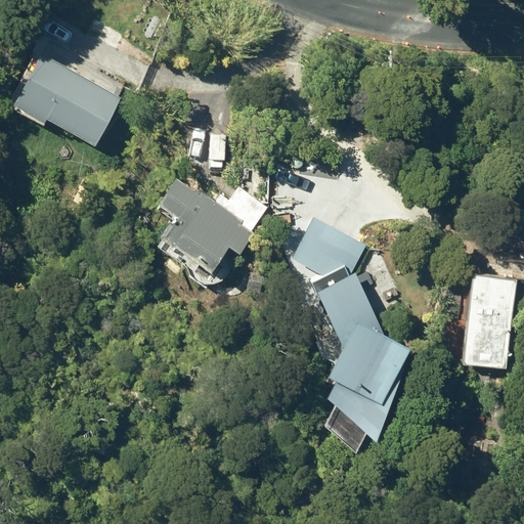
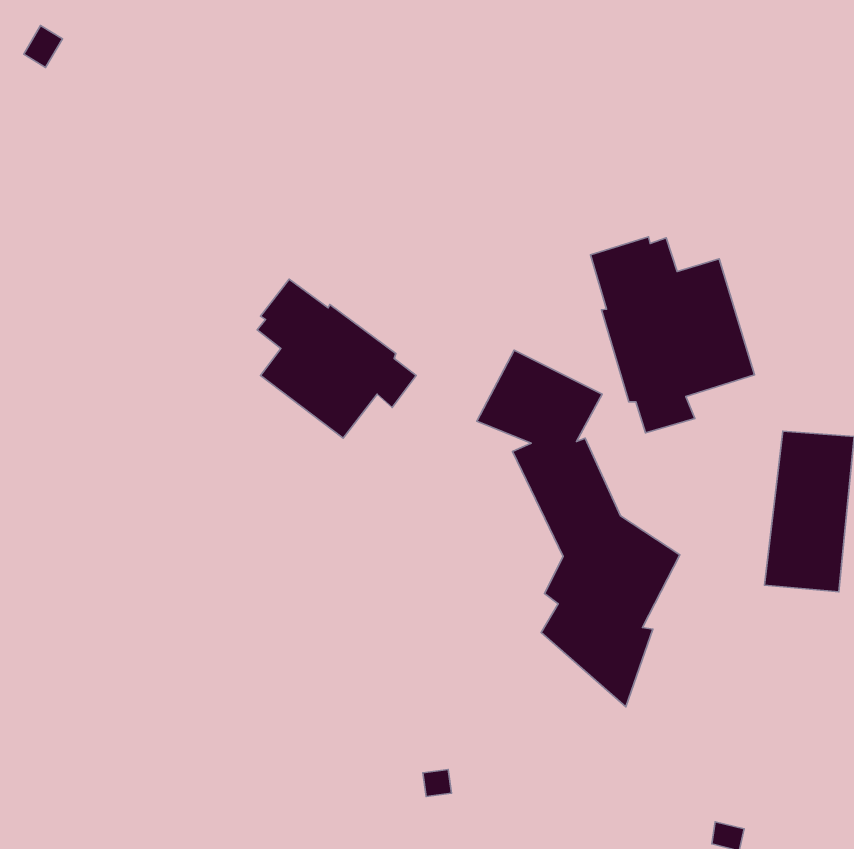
building: [12,56,119,145] -> none
building: none -> [591,237,754,433]

